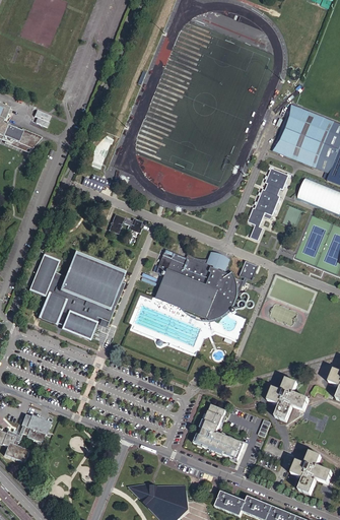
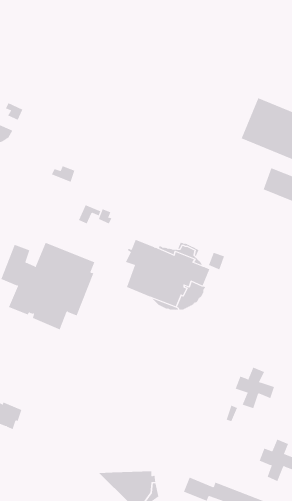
building: [246,166,286,239] -> none
building: [193,403,243,460] -> none

